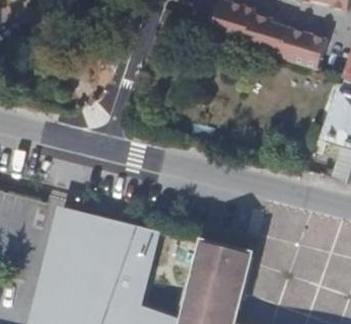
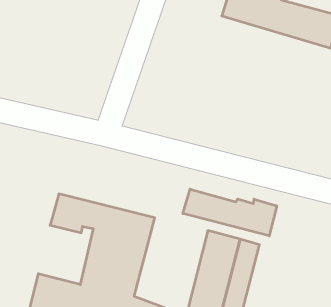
building: none -> [183,189,277,236]
building: [42,235,93,291] -> none

